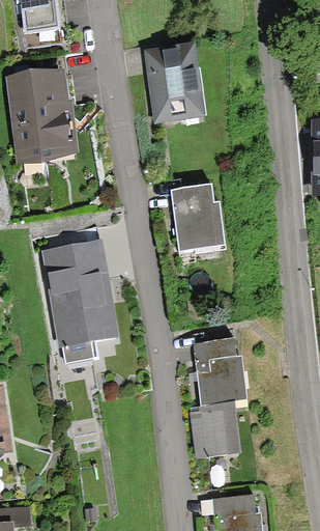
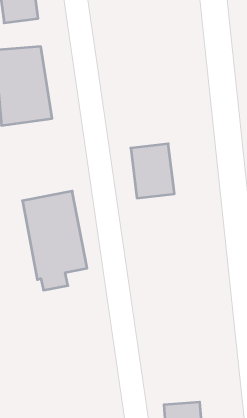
building: [145,44,207,124] -> none
building: [183,338,238,452] -> none

